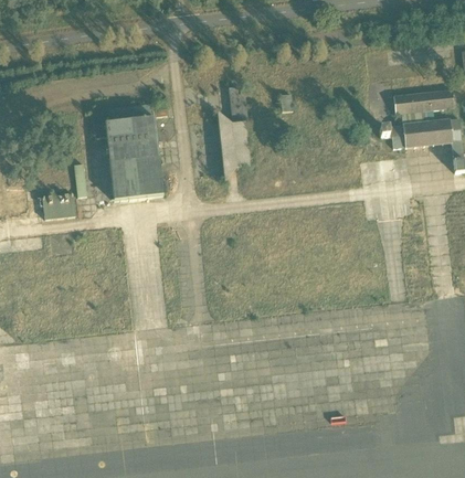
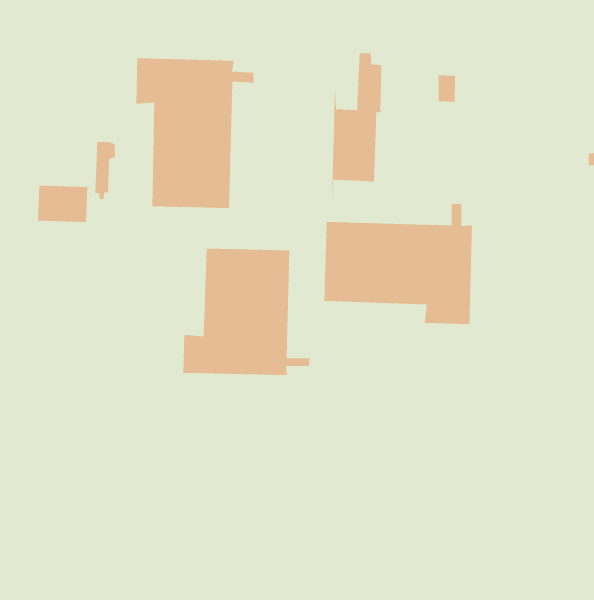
building: none -> [324,203,472,325]
building: none -> [183,248,310,376]

